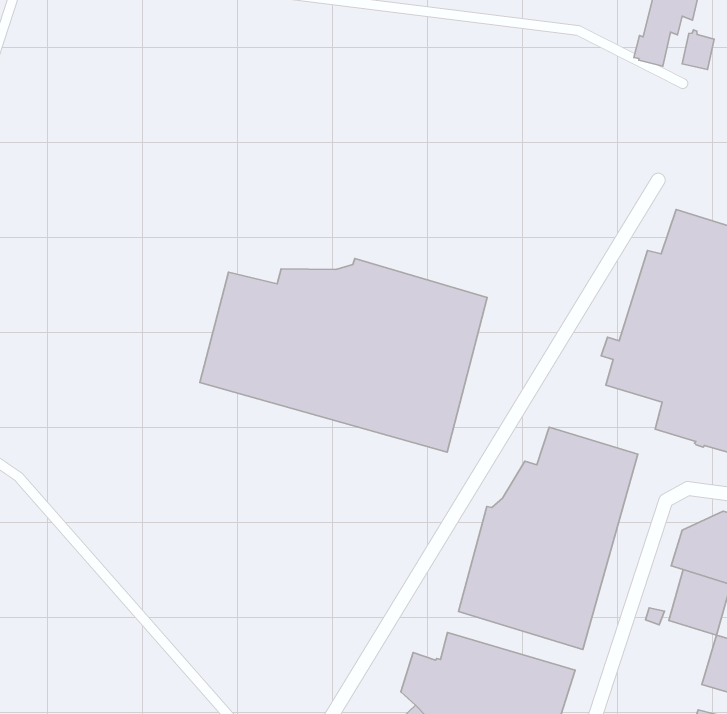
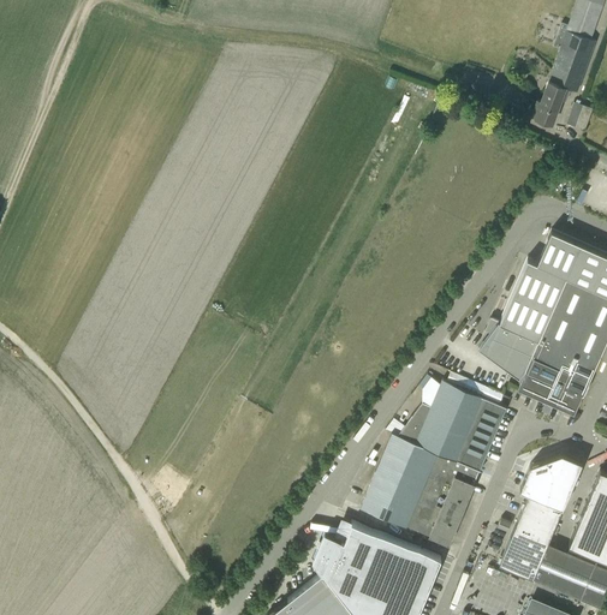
building: [200,259,487,452] -> none
building: none -> [499,532,547,581]

